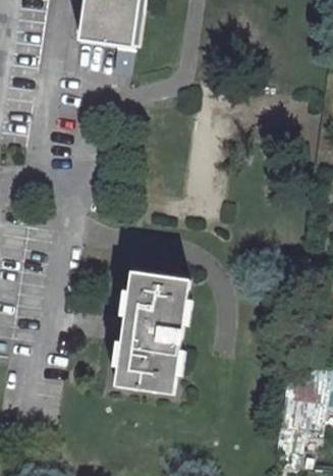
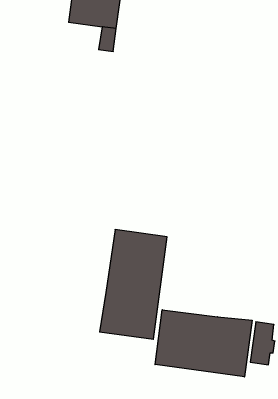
building: none -> [155,310,252,377]

